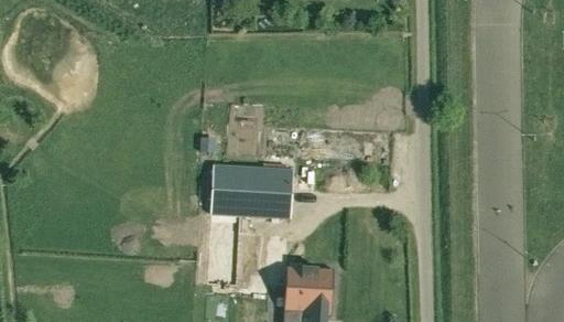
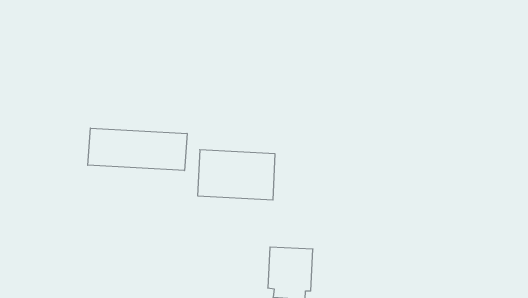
building: none -> [88,128,187,171]

